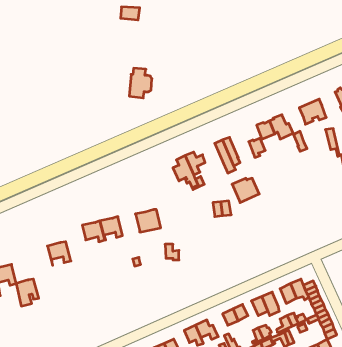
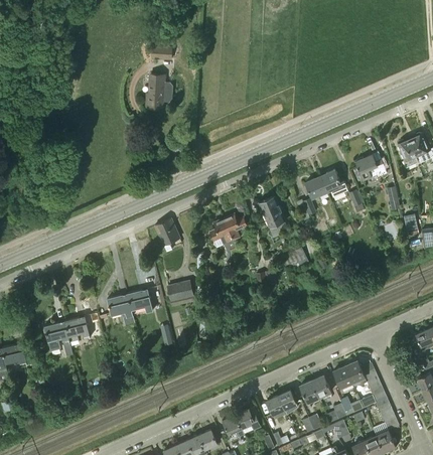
building: [129,68,152,98] -> [144,73,170,108]
building: none -> [155,218,180,245]
building: [16,279,39,306] -> [44,322,70,353]

